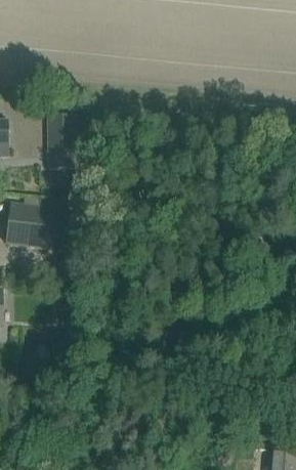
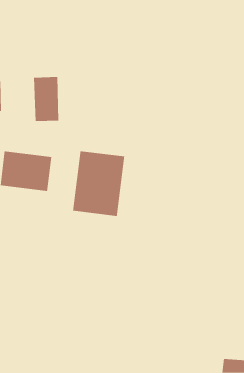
building: none -> [72,150,125,217]

